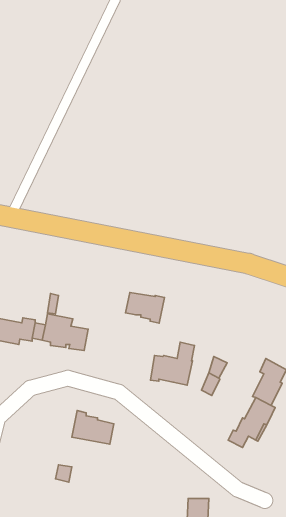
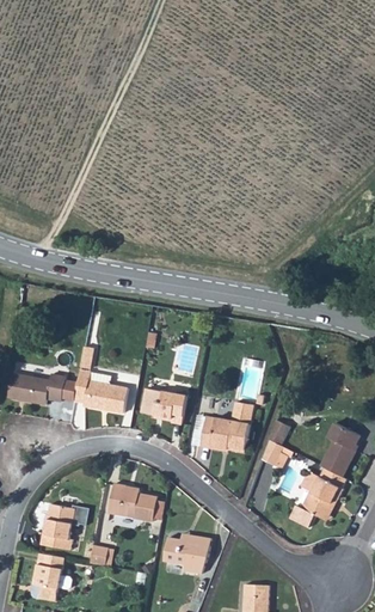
building: [126,293,164,323] -> [141,388,186,424]
building: none -> [39,506,87,552]
building: none -> [162,534,210,574]
building: none -> [32,553,70,601]

